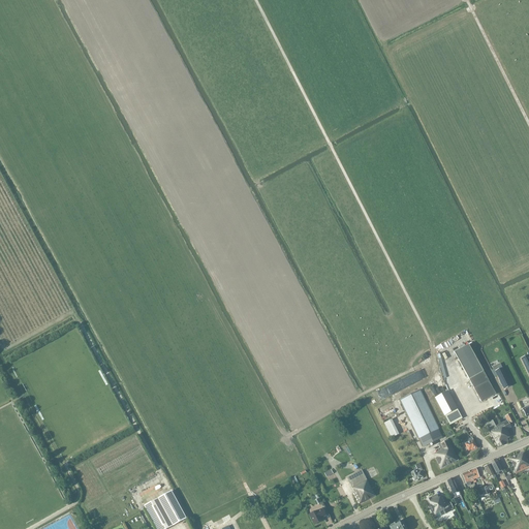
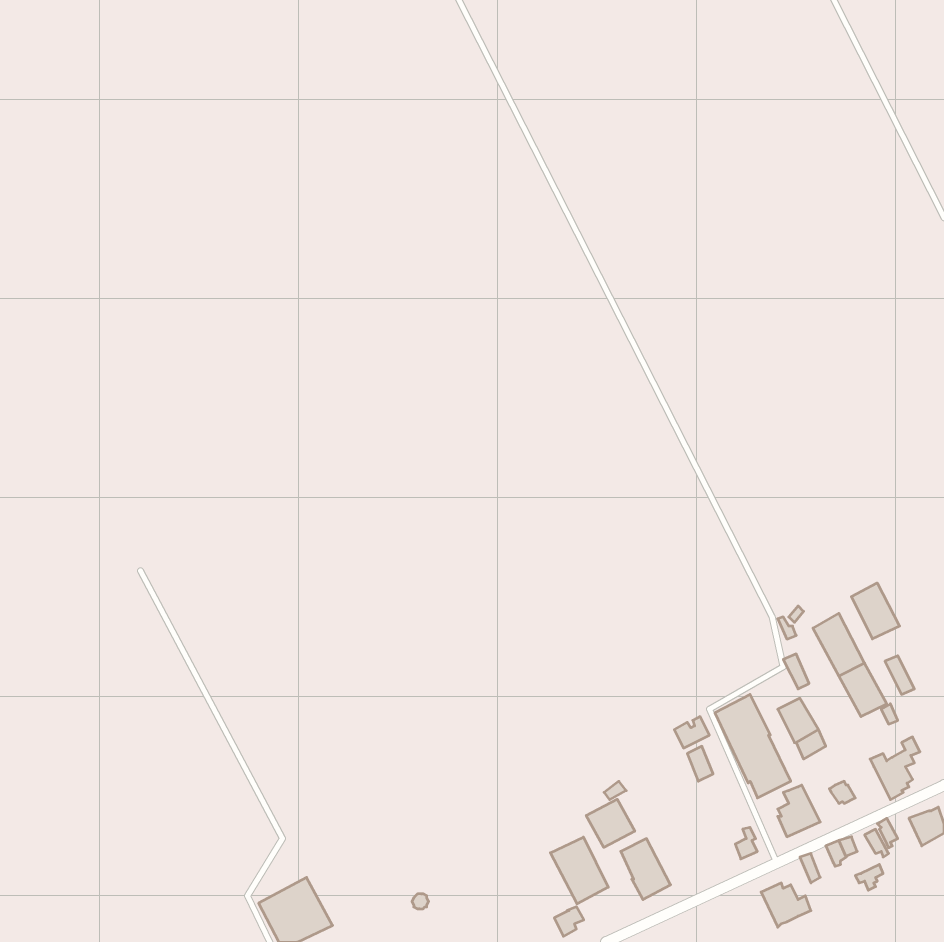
building: none -> [851,583,900,639]
building: none -> [586,799,635,847]
building: none -> [550,837,608,904]

